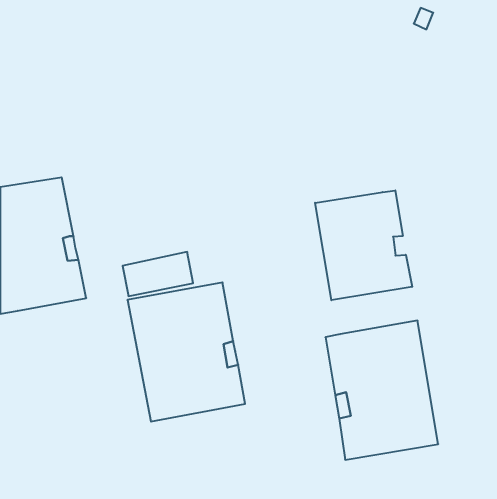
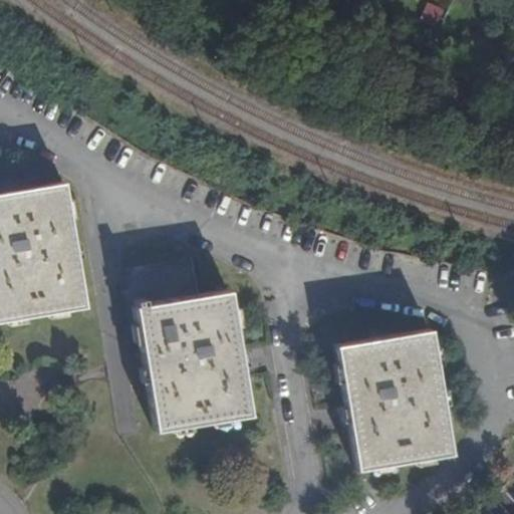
building: [315,190,412,300] -> none

